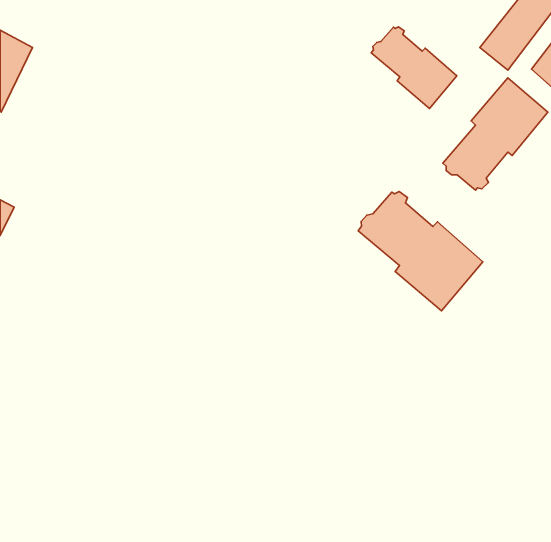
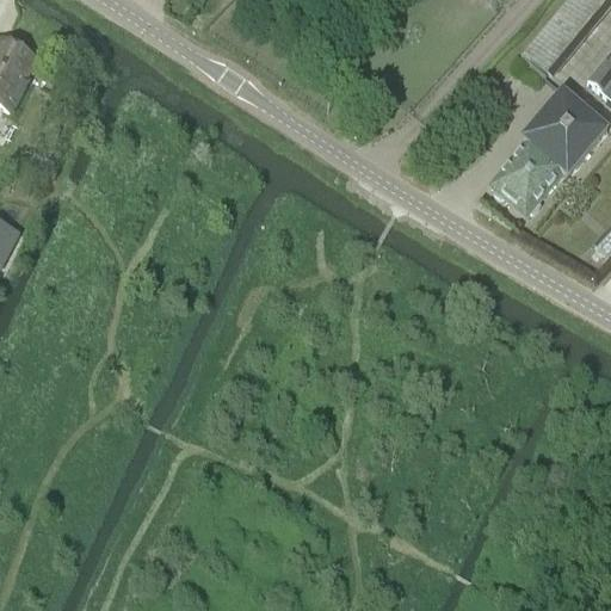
building: [371,27,457,109] -> none
building: [358,192,483,311] -> none

